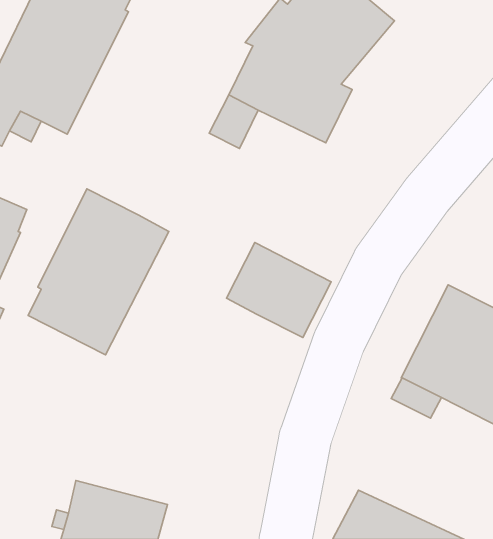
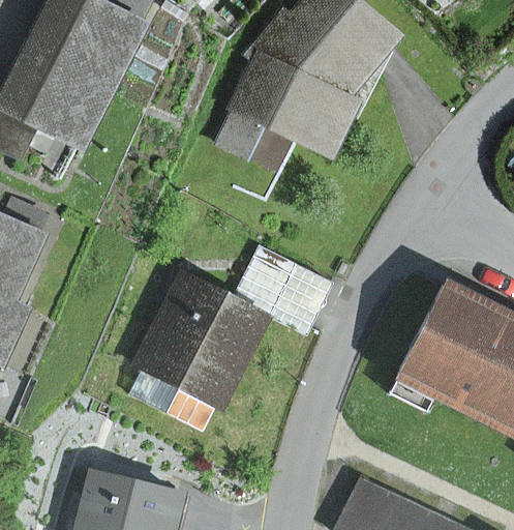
building: [28,189,169,355] -> [129,273,263,431]

